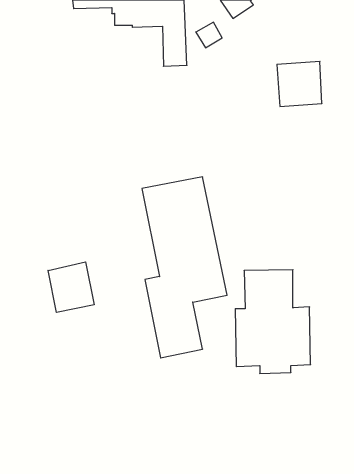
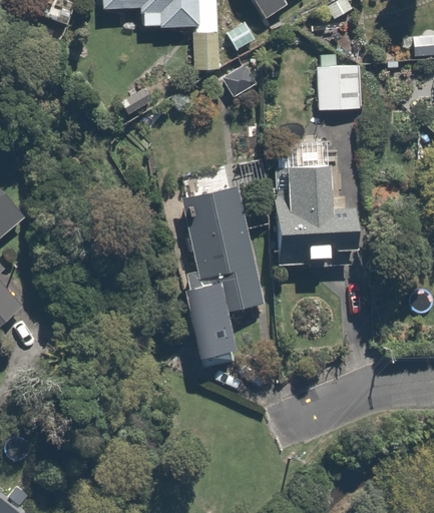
building: [48,262,94,312] -> none
building: [235,270,311,373] -> [273,163,350,270]

